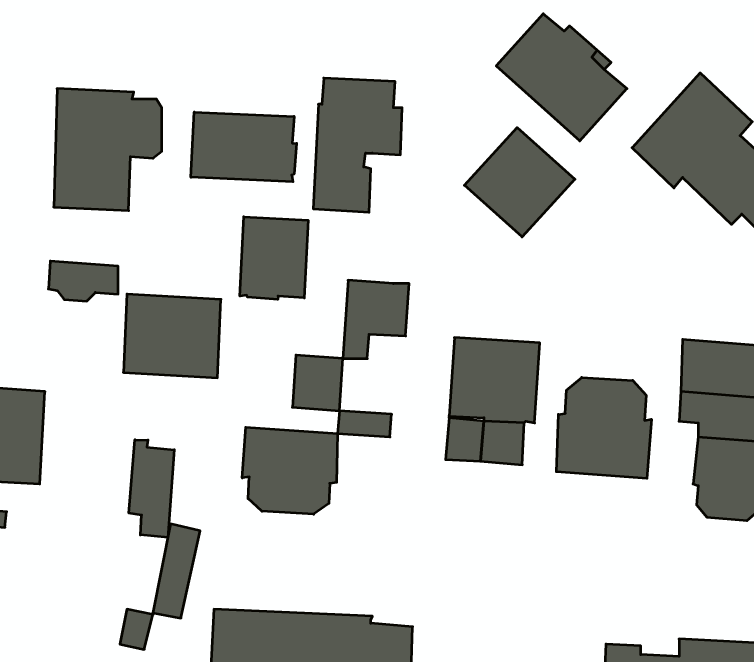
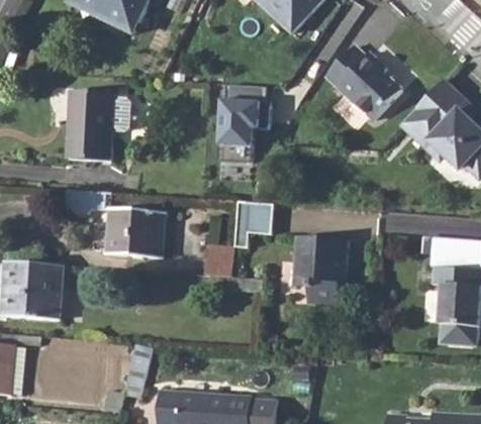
building: [191,112,297,182] -> none
building: [464,128,575,237] -> none
building: [240,217,308,299] -> none
building: [556,377,651,478] -> none
building: [242,427,338,514] -> none
building: [129,440,174,538] -> none

